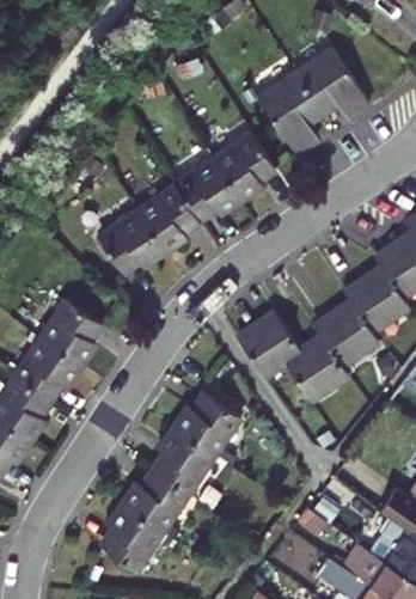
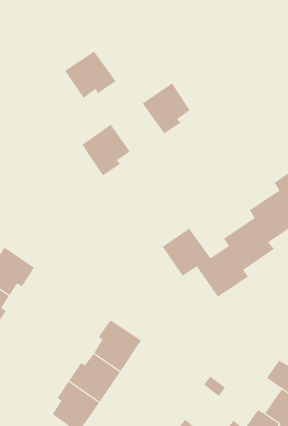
building: [257,47,372,154] -> none
building: [177,161,243,221] -> [64,51,117,98]
building: [99,213,166,275] -> none
building: [43,302,102,367] -> none
building: [176,397,240,458] -> none

